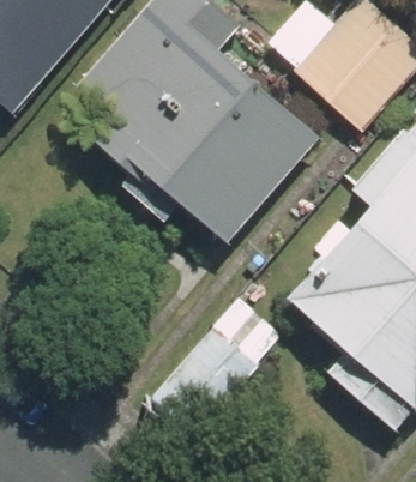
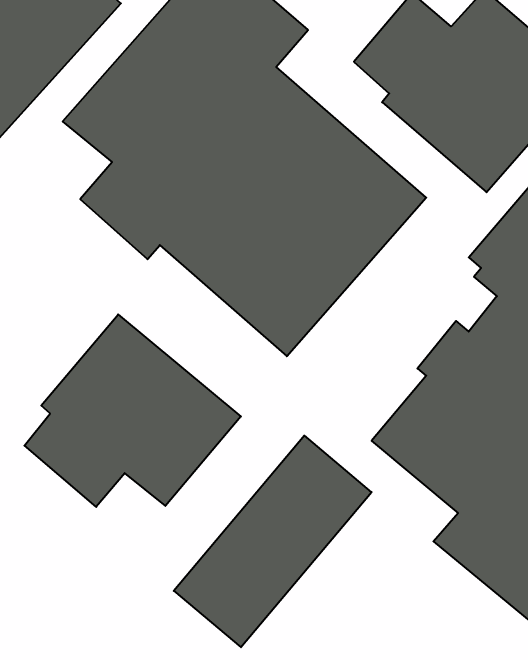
building: none -> [24,314,241,507]

